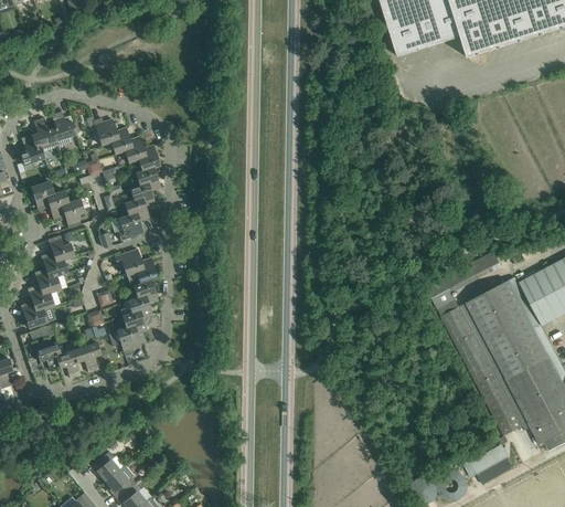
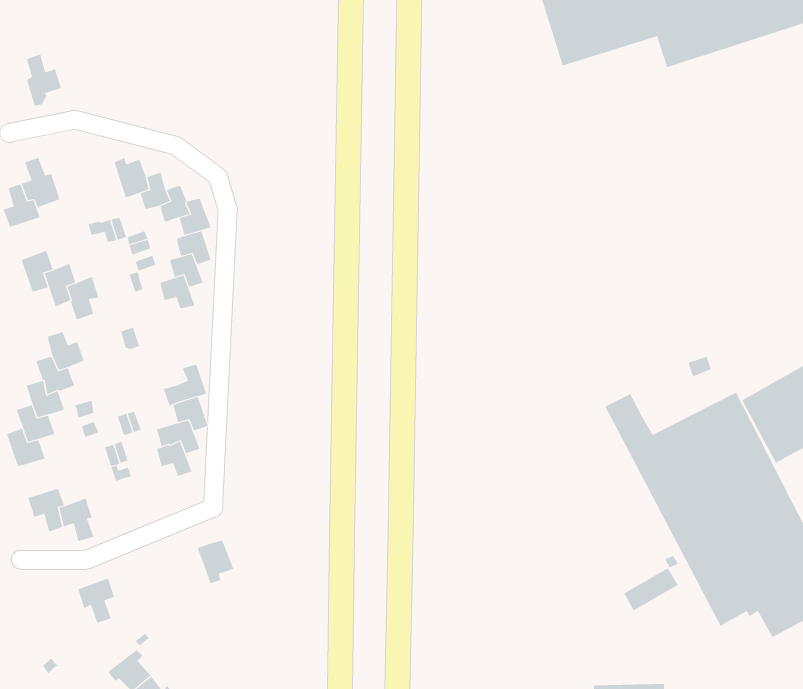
building: [52,110,76,146] -> [26,54,62,106]
building: [118,212,143,240] -> none
building: [115,249,143,275] -> none
building: [116,325,141,355] -> [197,540,234,584]
building: [75,340,100,371] -> [77,578,115,623]
building: [470,435,508,473] -> [623,556,679,611]

